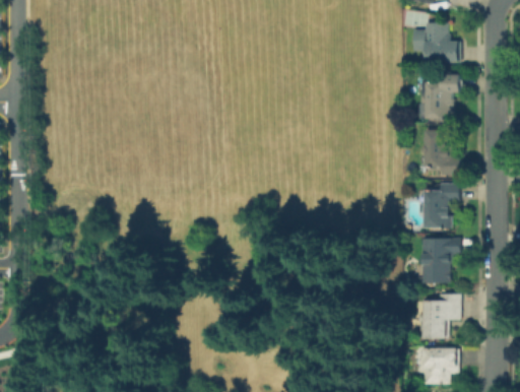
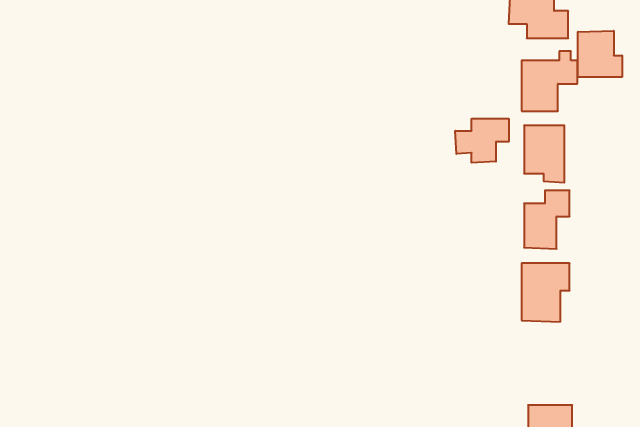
building: none -> [578,31,622,77]
building: none -> [455,119,509,163]
building: [421,293,460,339] -> none

